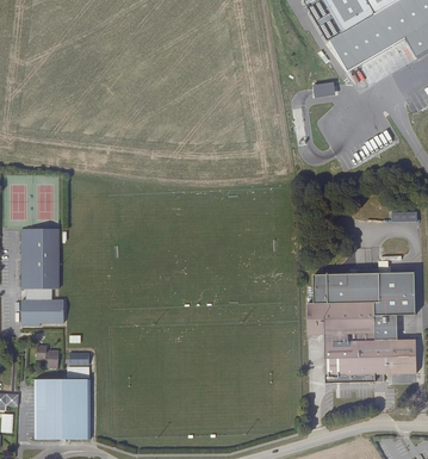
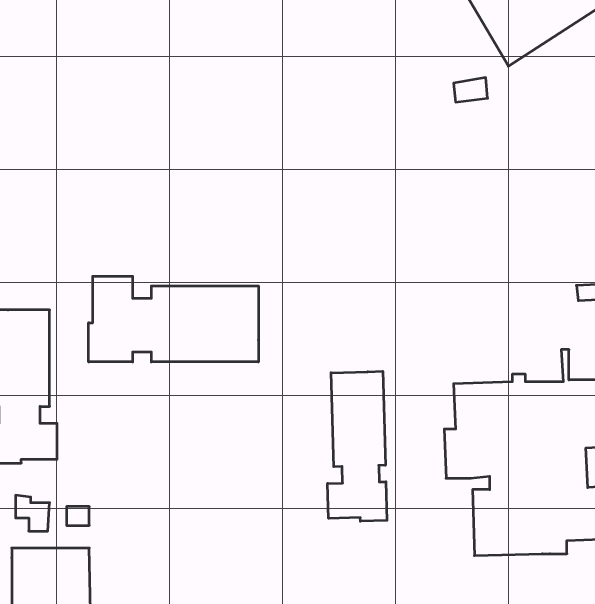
building: none -> [89,276,258,362]
building: none -> [328,371,387,521]

